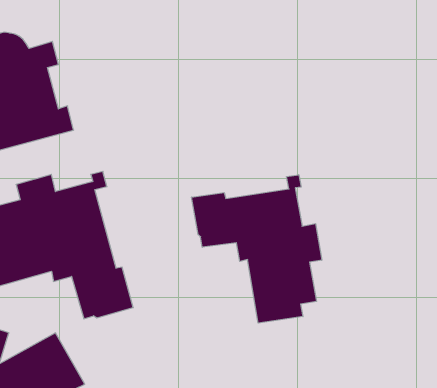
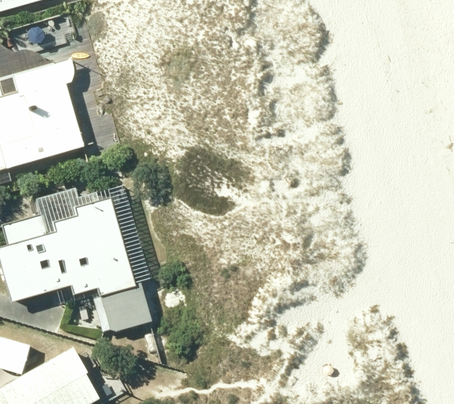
building: [192,175,322,323] -> none

